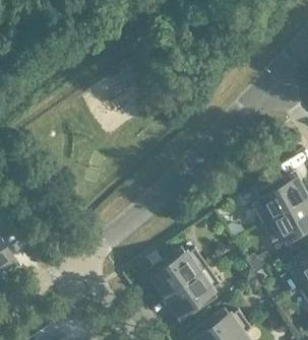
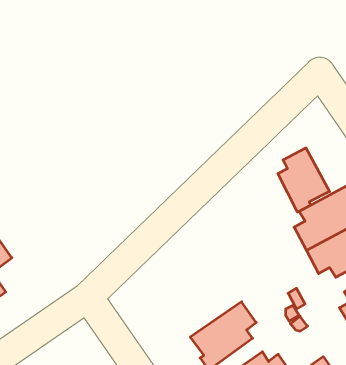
building: none -> [278,148,330,212]
building: [144,247,208,296] -> none

